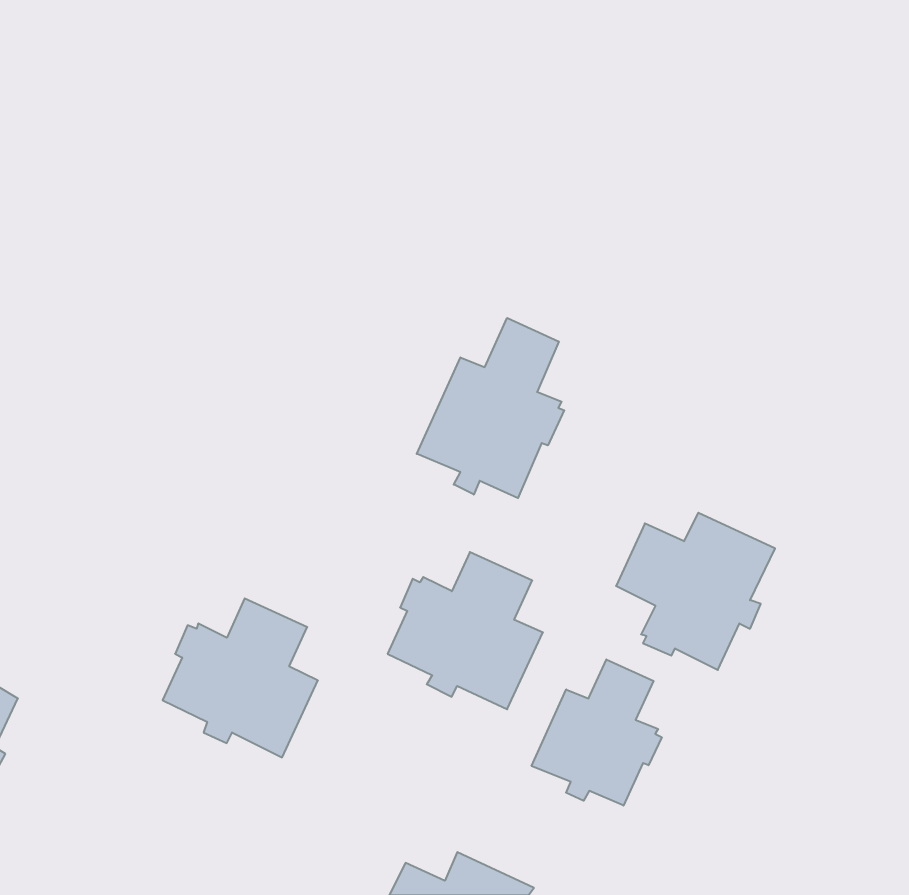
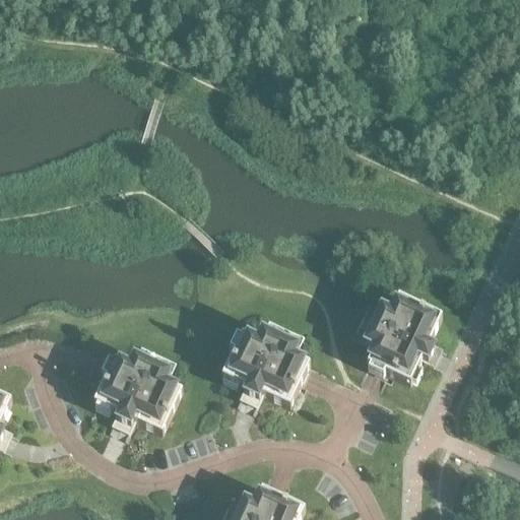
building: [417,318,564,498] -> none
building: [532,659,662,806] -> none

